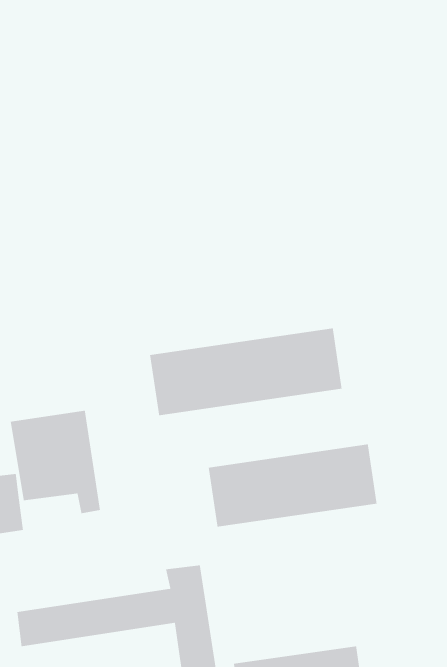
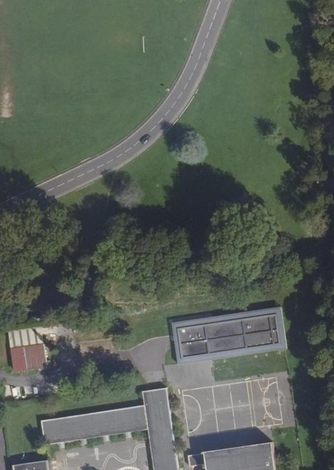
building: [149,327,342,416] -> none
building: [10,410,101,514] -> none

